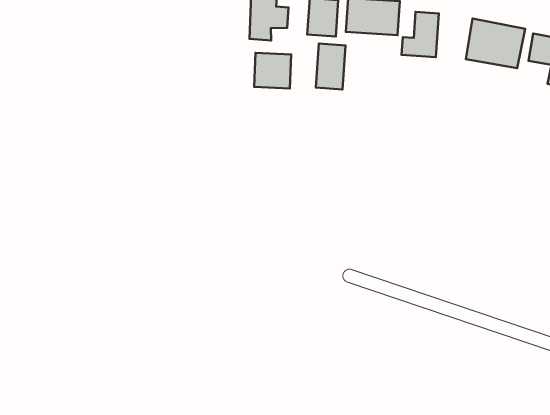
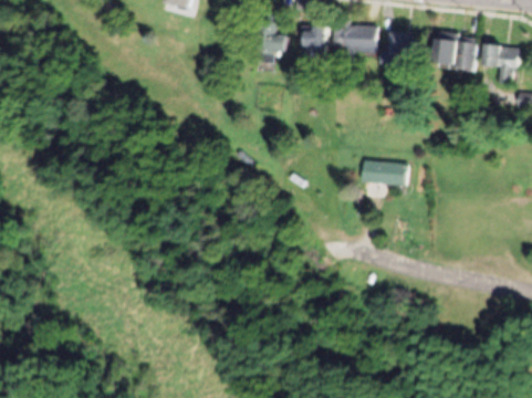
building: [316,44,346,89] -> none
building: [254,53,291,88] -> none
building: none -> [359,159,406,186]

